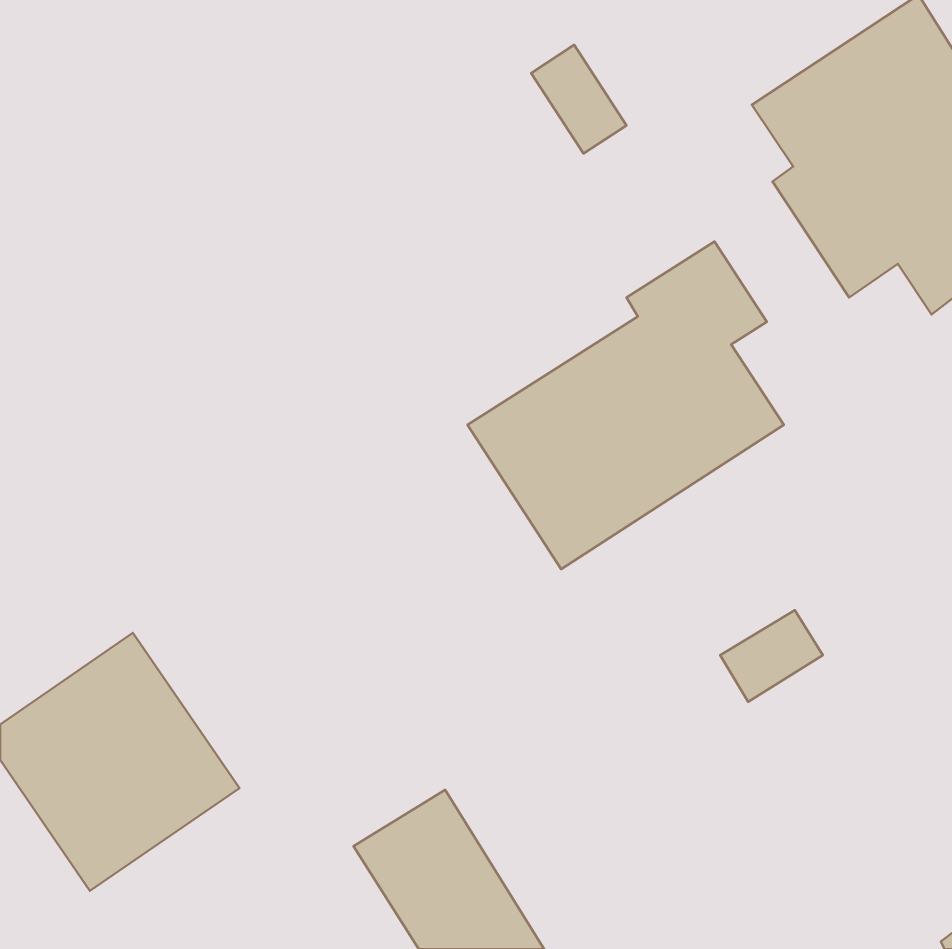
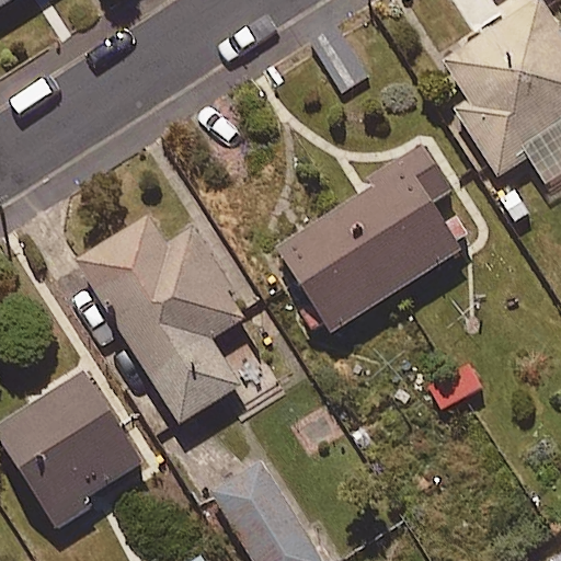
building: none -> [72,215,251,424]

